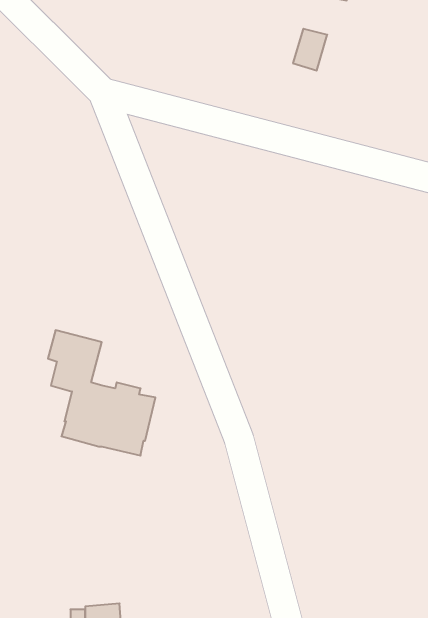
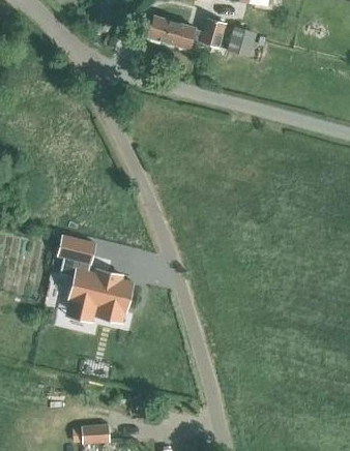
building: none -> [146,14,225,49]

